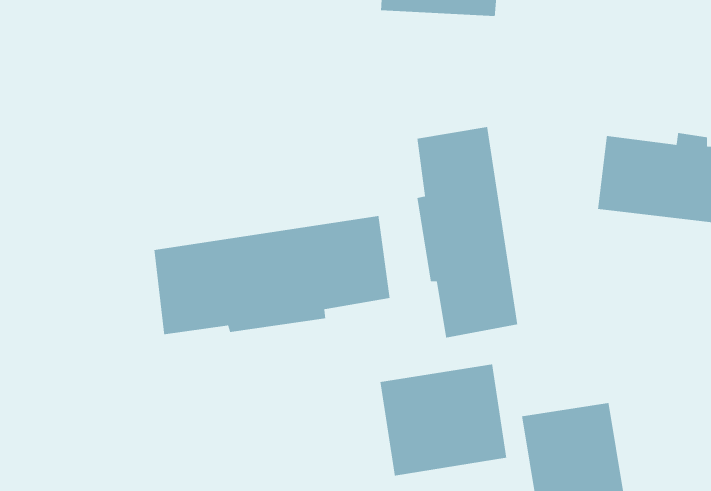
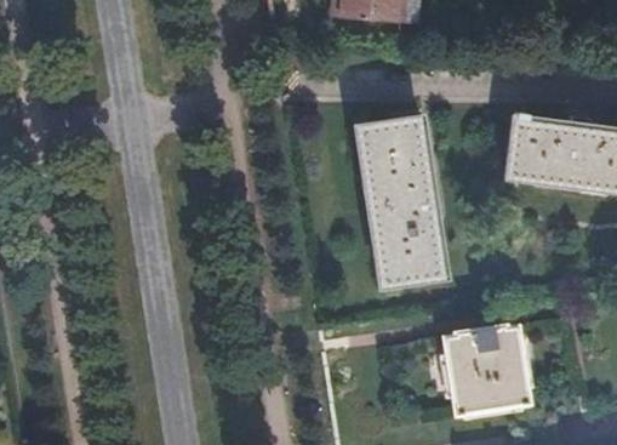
building: [153,215,390,335] -> none
building: [380,363,507,476] -> none

